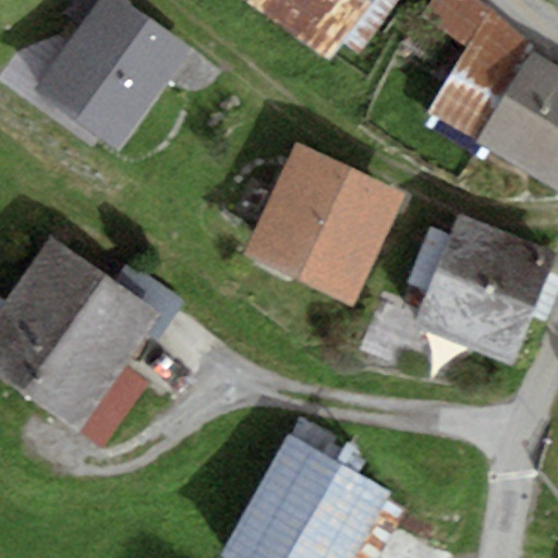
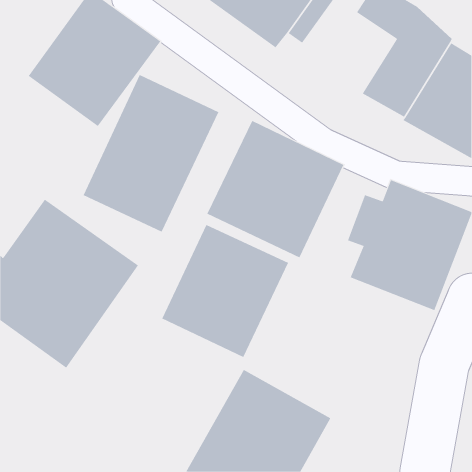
building: none -> [83,74,219,232]
building: none -> [161,224,289,358]

